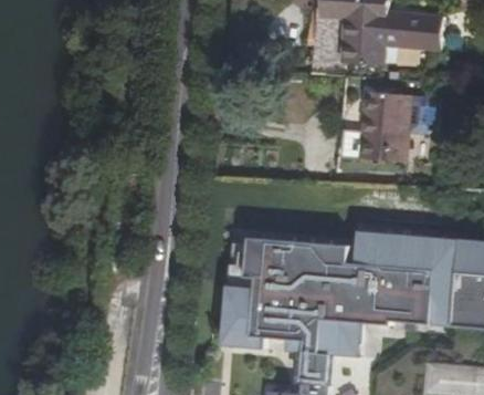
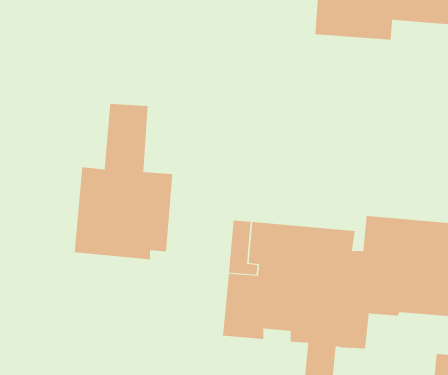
building: [361,92,412,158] -> none
building: none -> [74,103,173,260]

